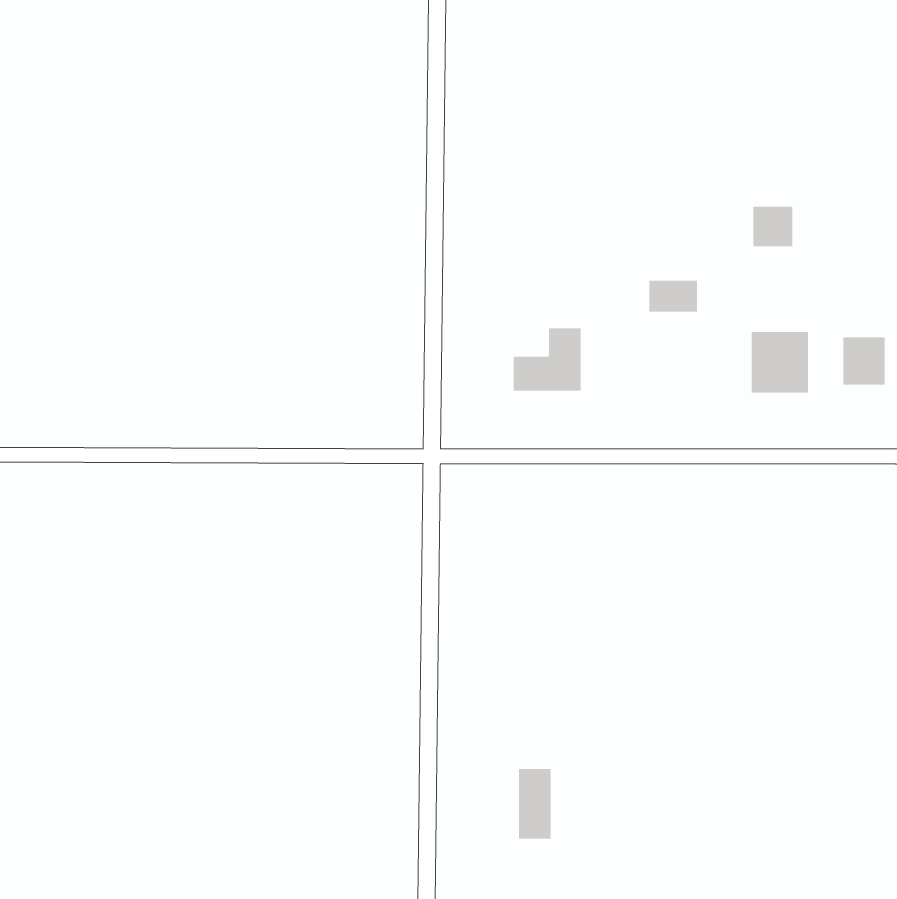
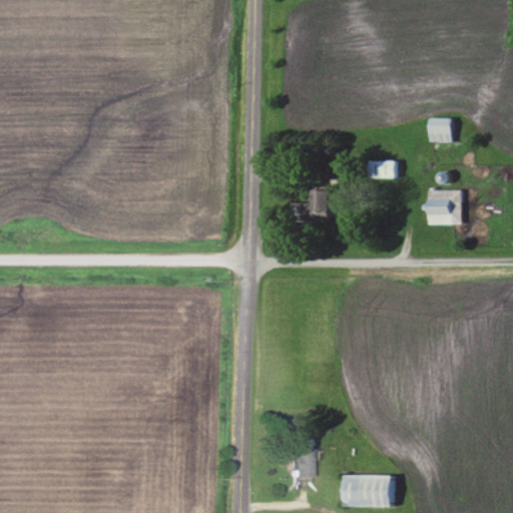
building: [843,337,885,385] -> none
building: none -> [345,476,396,508]

